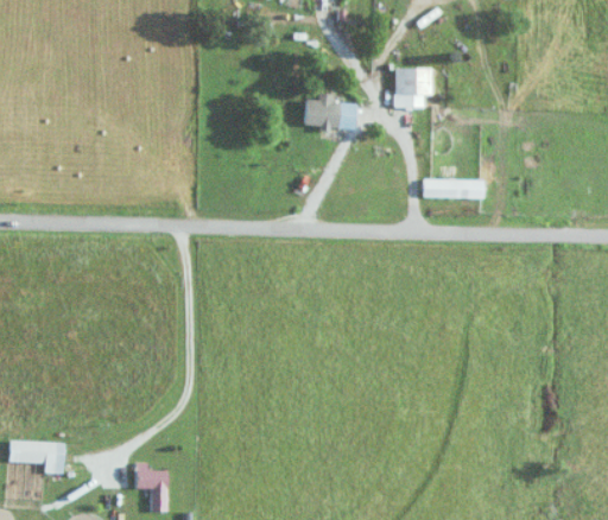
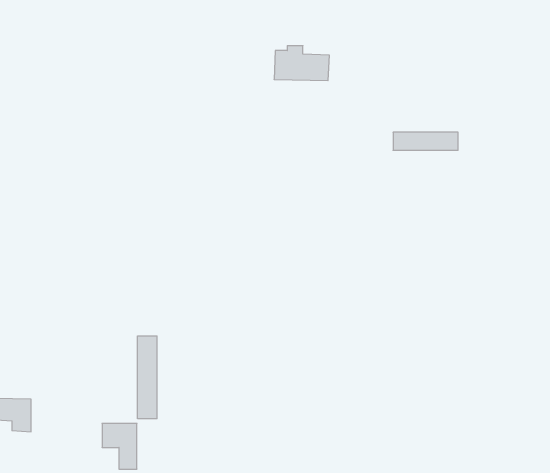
building: [395,68,433,95] -> none
building: none -> [138,336,157,419]

